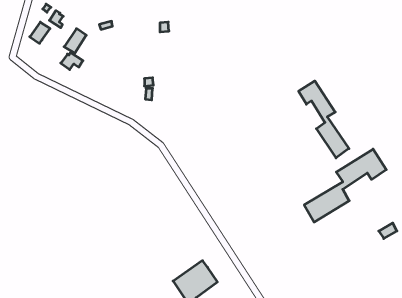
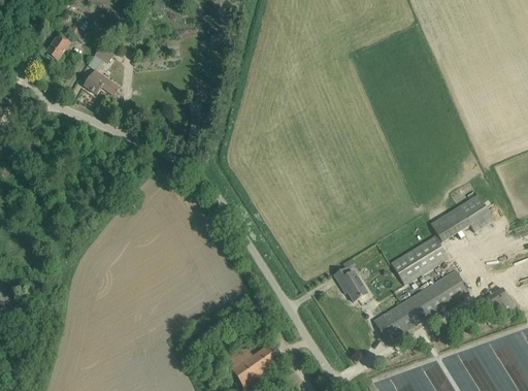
building: [299,81,349,158] -> none
building: none -> [334,257,366,300]
building: none -> [374,271,468,341]

